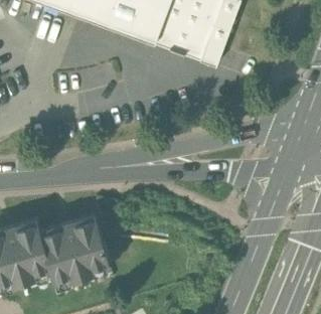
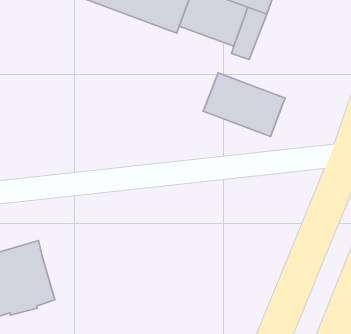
building: none -> [203,73,285,136]
building: [39,218,110,285] -> none

